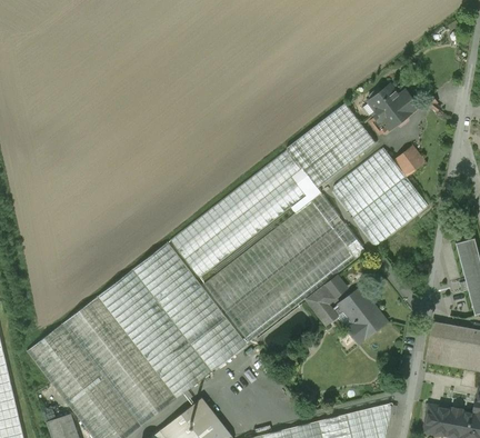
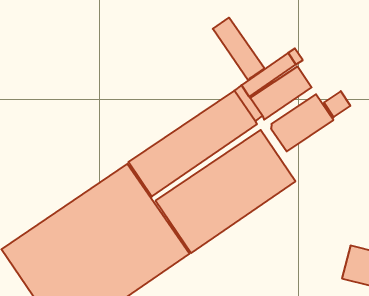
building: none -> [213,18,265,80]
building: [368,86,417,129] -> none
building: [352,177,428,247] -> none
building: [306,276,386,344] -> none

